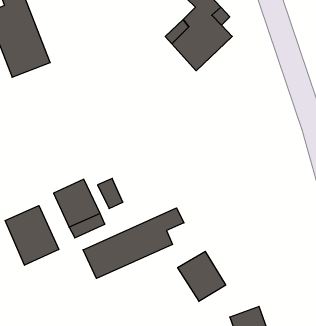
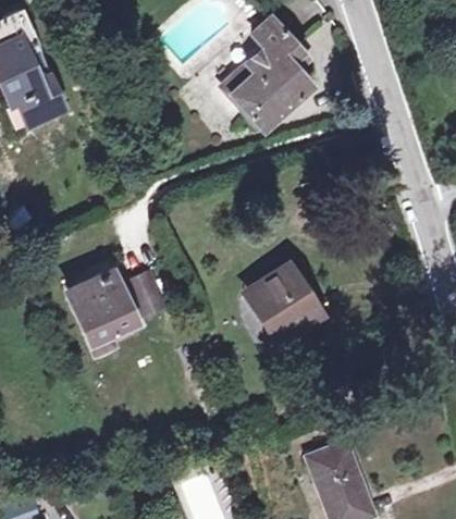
building: [5,206,59,265] -> none
building: [83,208,184,278] -> none
building: [178,251,226,301] -> [249,269,313,335]

